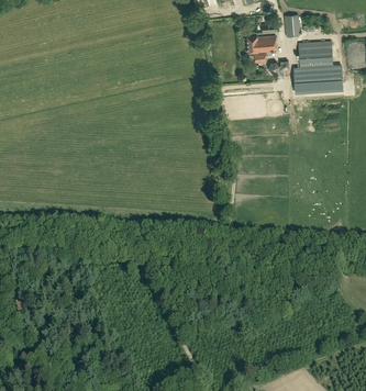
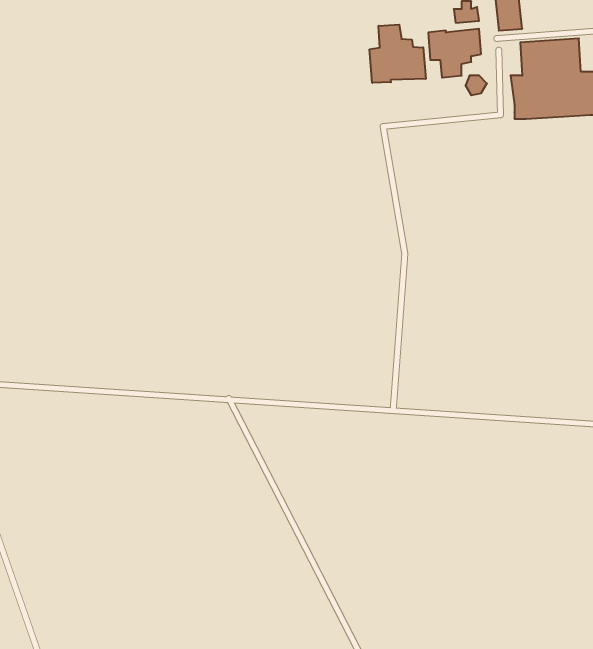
building: none -> [370,25,426,83]

